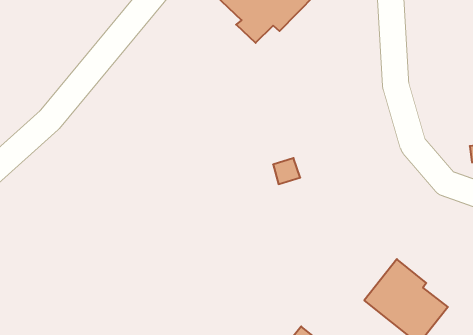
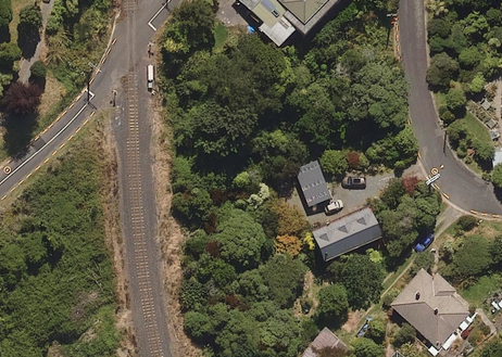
building: none -> [312,208,380,259]

